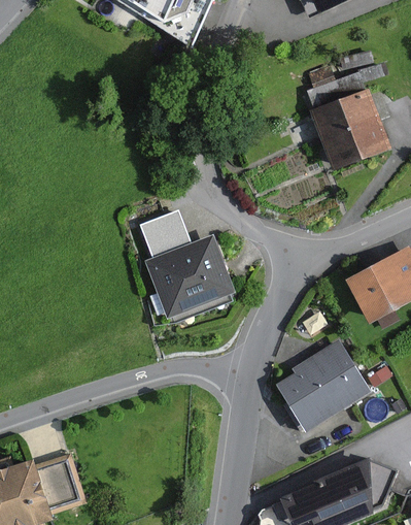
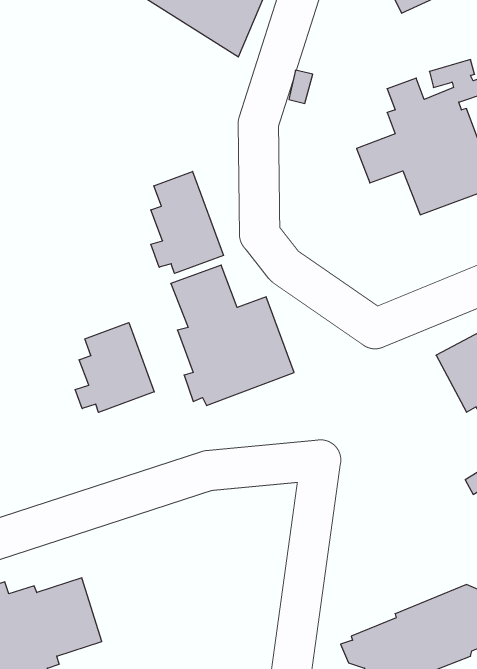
building: none -> [151,171,224,273]
building: none -> [75,323,154,412]
building: [276,338,372,433] -> none

